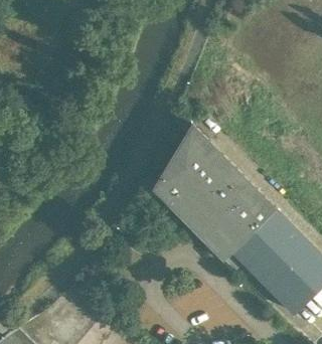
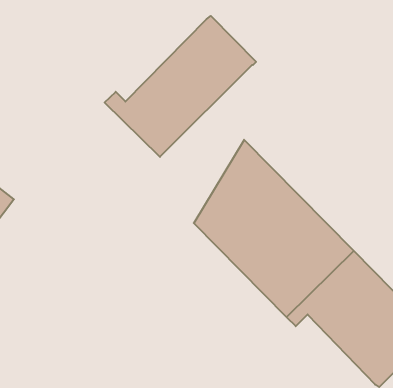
building: none -> [105,16,256,157]

